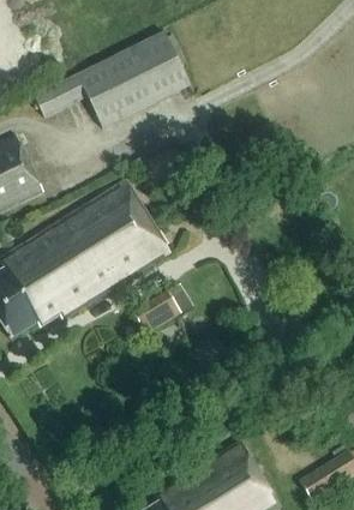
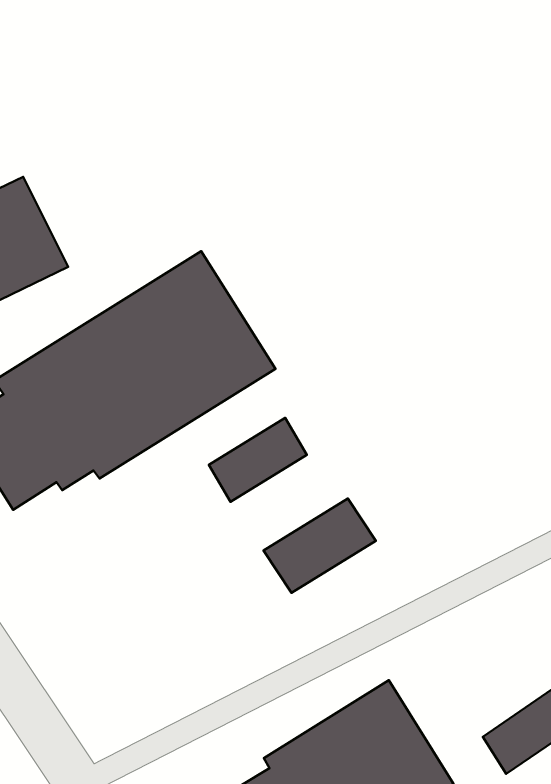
building: [34,31,190,128] -> none
building: none -> [264,498,376,593]

